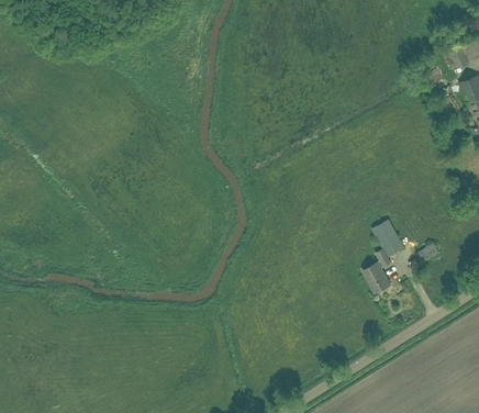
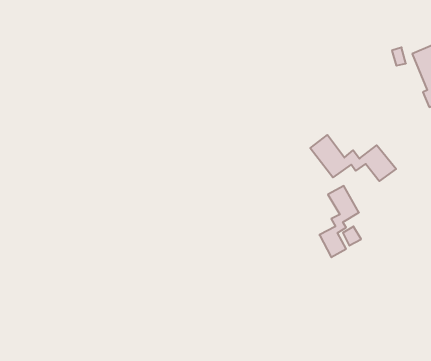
building: none -> [310,135,396,181]

